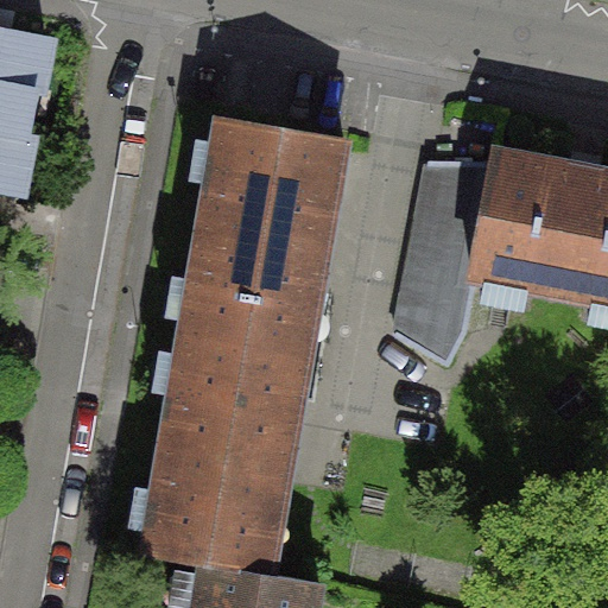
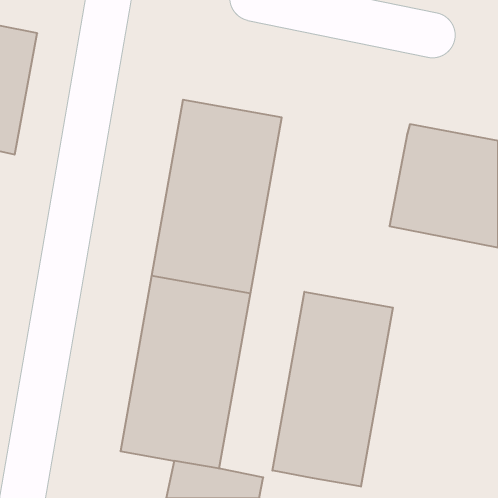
building: [397,163,494,362] -> none
building: none -> [272,292,393,487]

